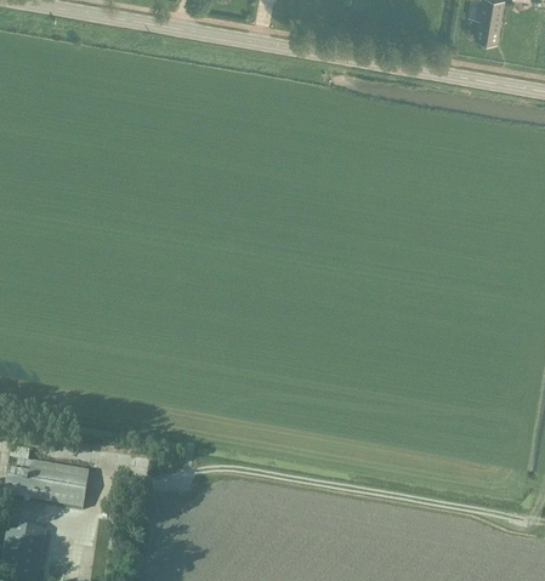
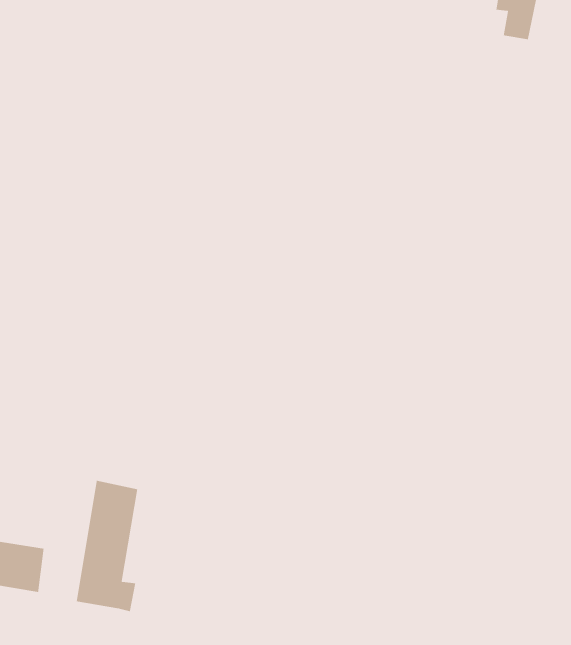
building: none -> [76,480,138,612]

